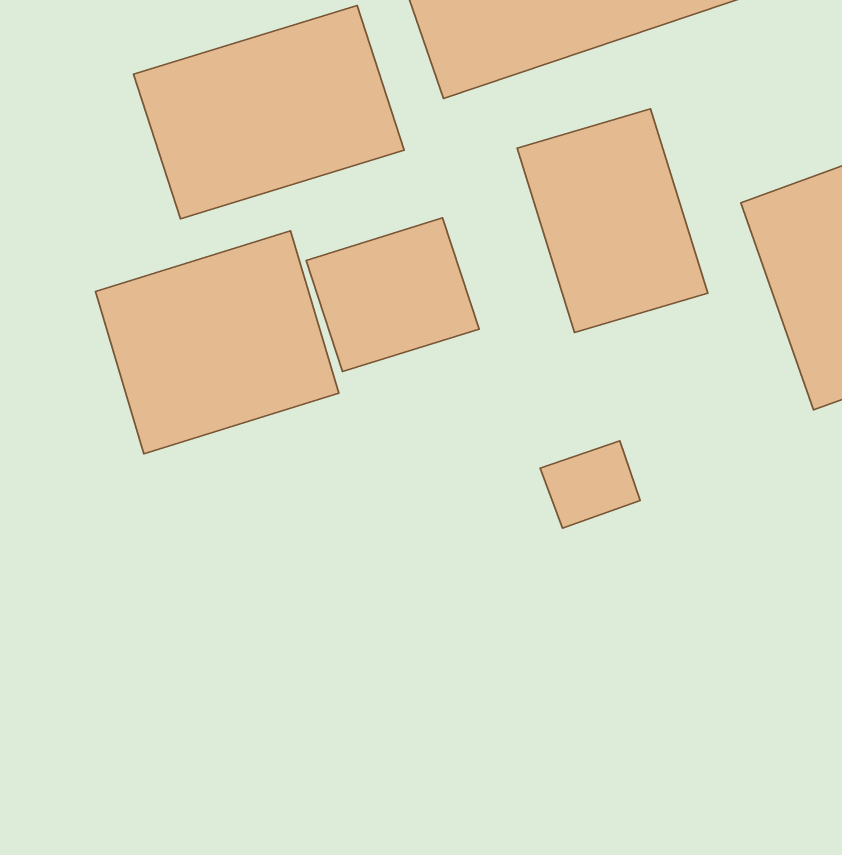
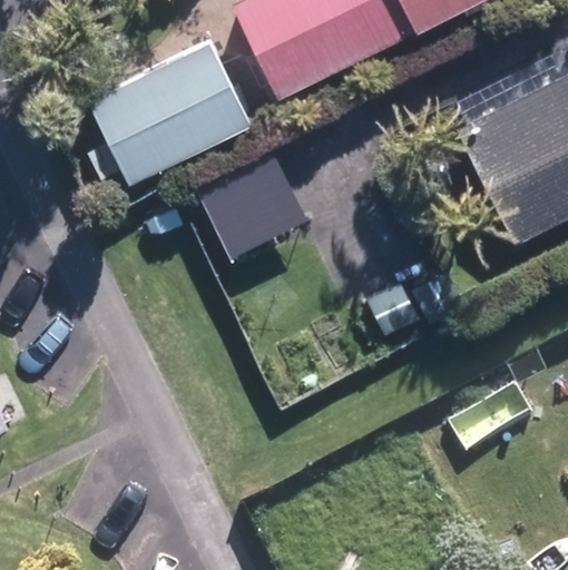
building: [517,109,708,333] -> none
building: [96,231,339,454] -> none

